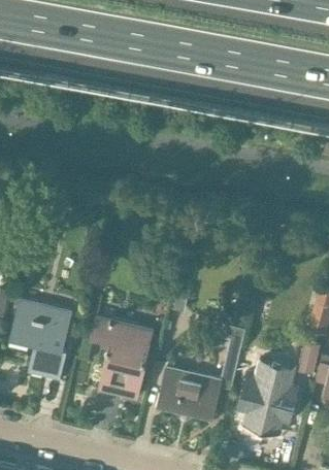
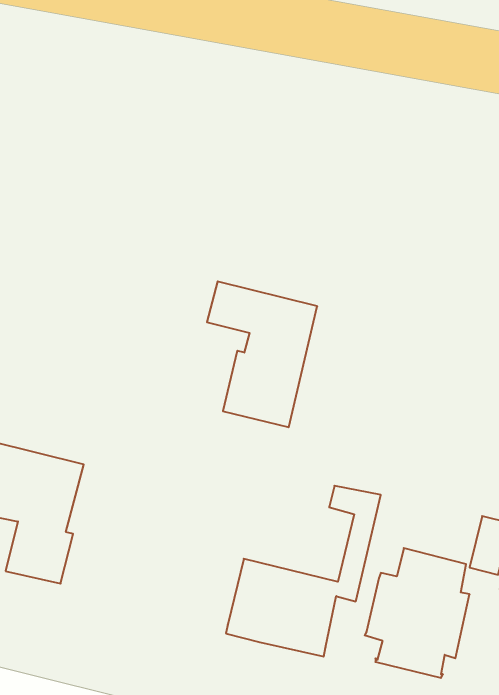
building: [89,315,153,400] -> [207,281,317,427]

